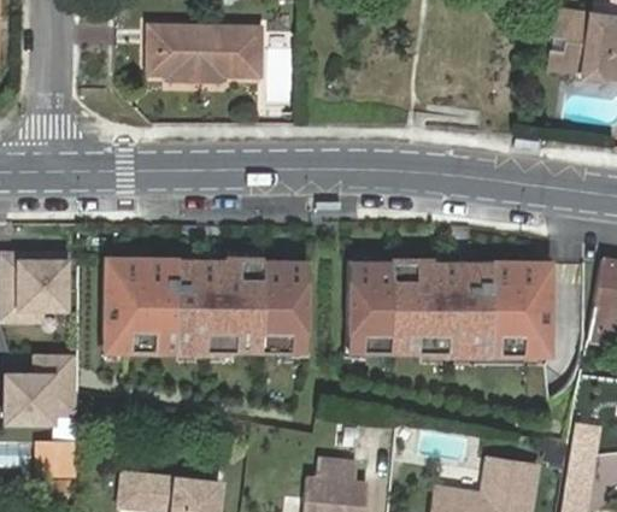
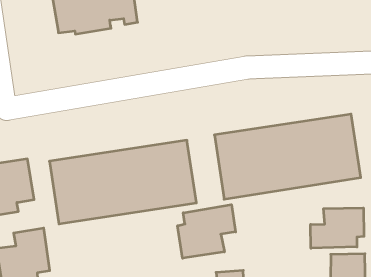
building: none -> [178,205,236,258]
building: none -> [311,208,364,248]

